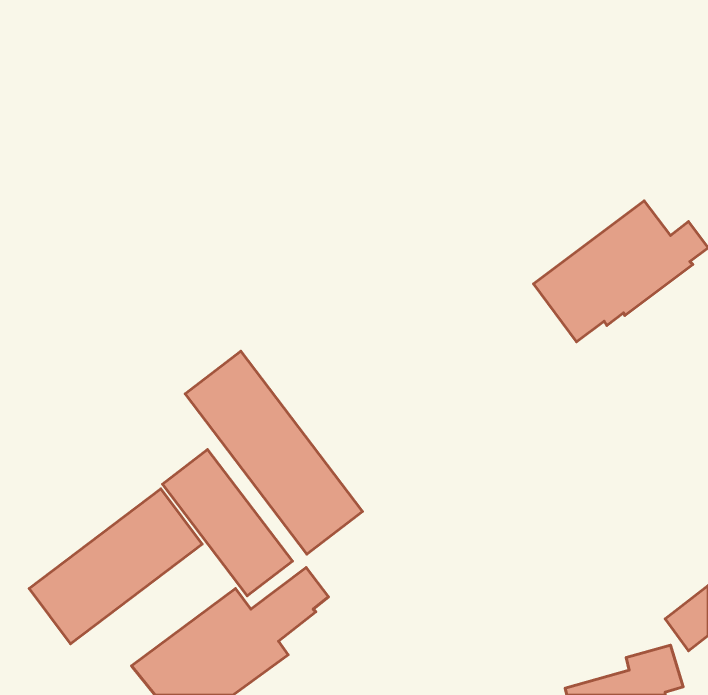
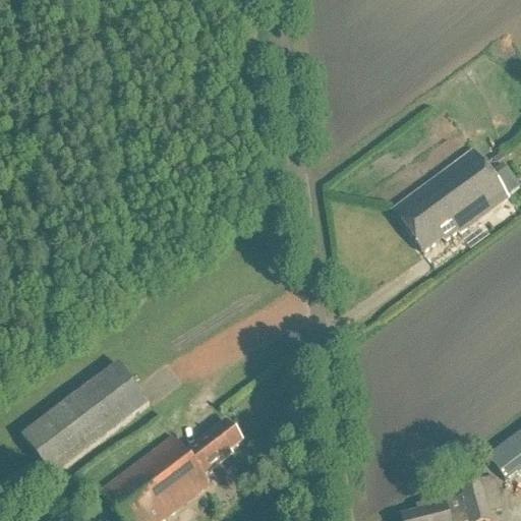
building: [185,351,362,554] -> none
building: [162,449,293,596] -> none

